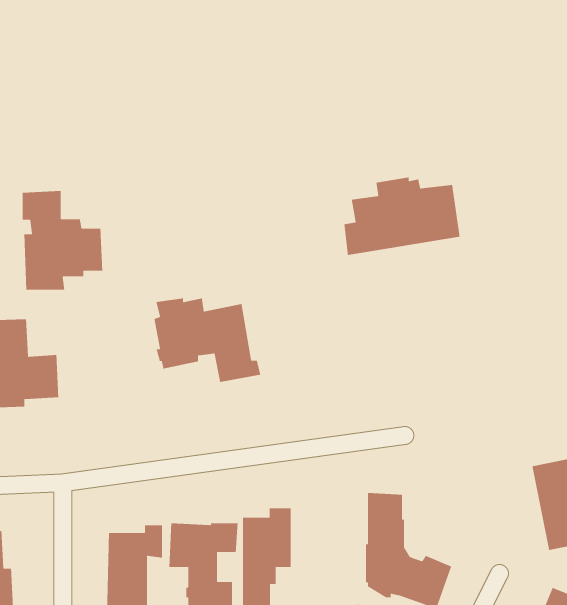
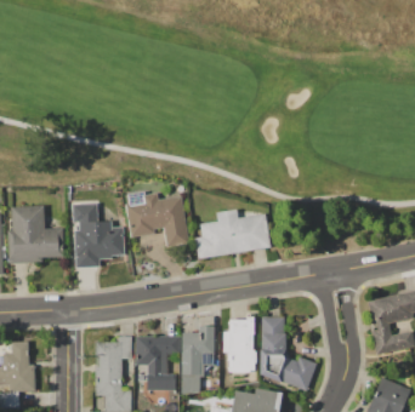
building: [343,177,461,256] -> [195,208,271,259]
building: [22,190,103,290] -> [73,202,125,267]
building: none -> [224,316,257,373]

